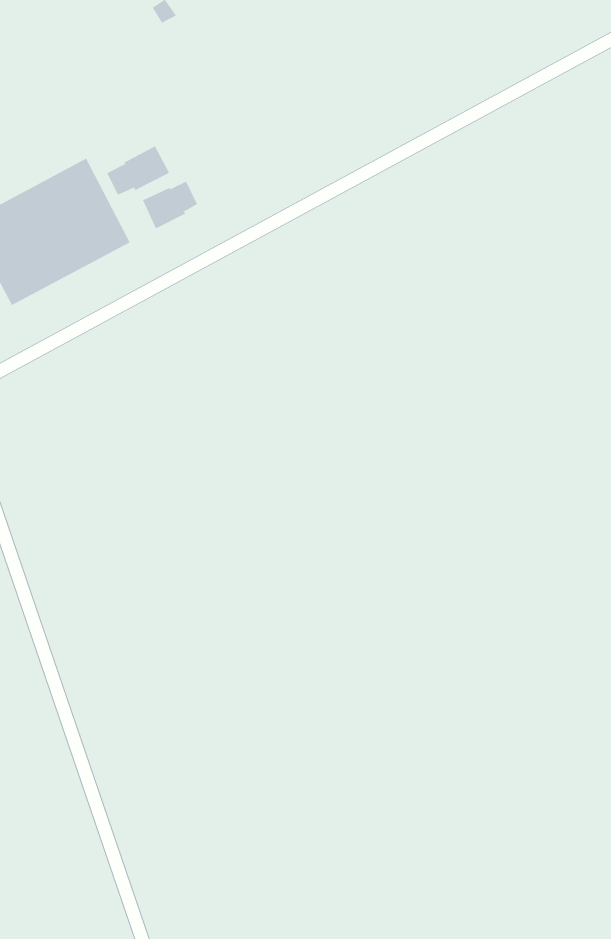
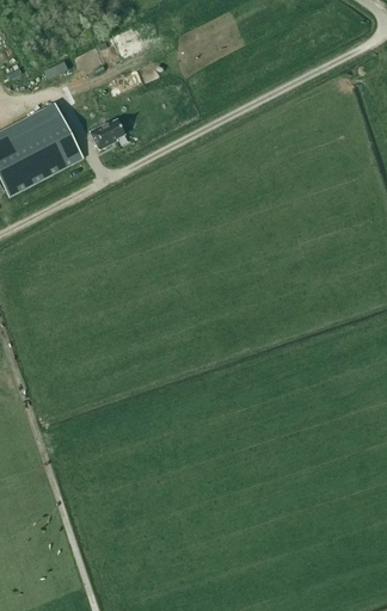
building: [107,146,170,196] -> none

